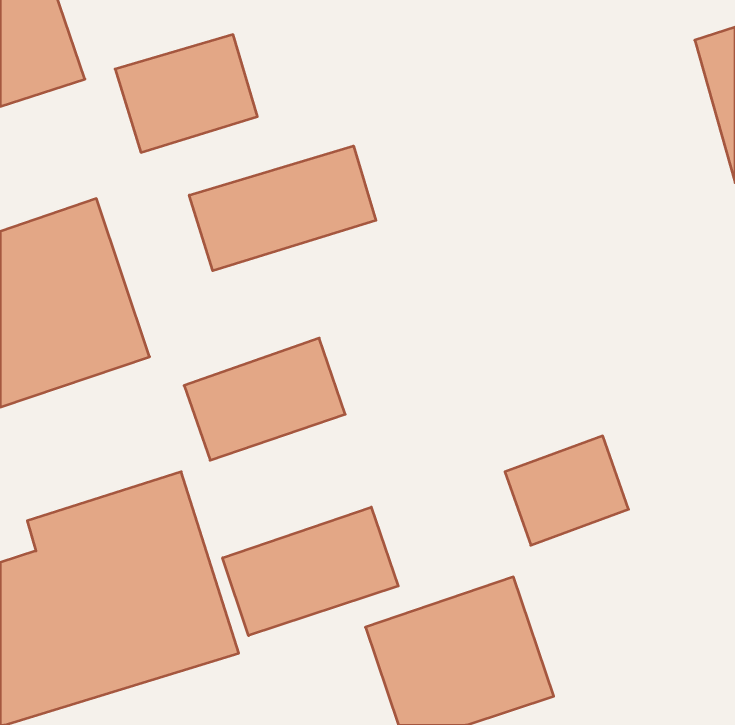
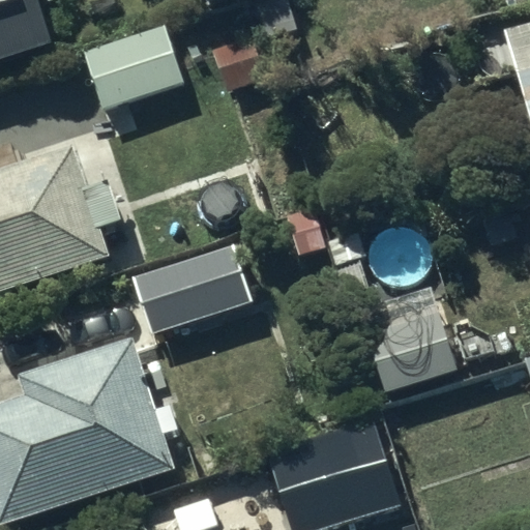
building: [189,146,376,271] -> none
building: [223,507,398,636] -> none

